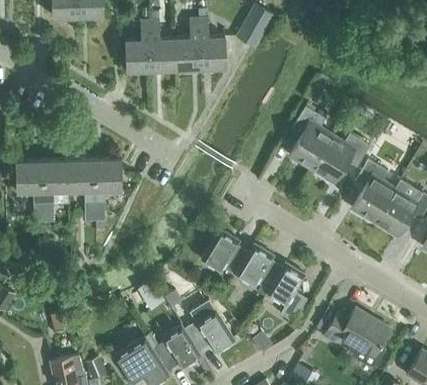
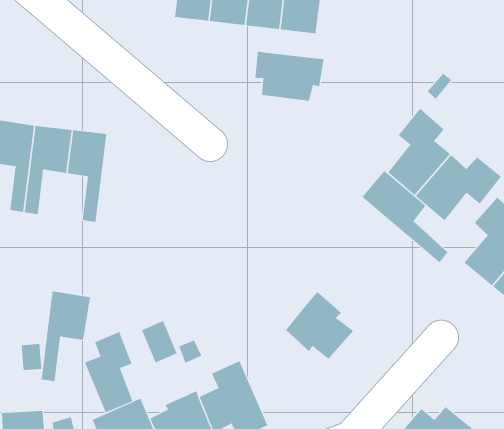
building: none -> [255,51,324,102]
building: none -> [361,170,448,263]
building: [92,159,120,221] -> [41,291,91,382]
building: [201,229,248,277] -> none
building: [267,263,307,322] -> none
building: none -> [84,331,133,413]

